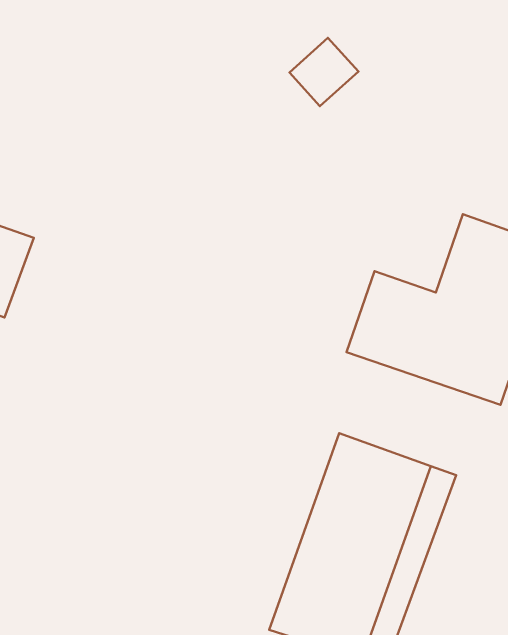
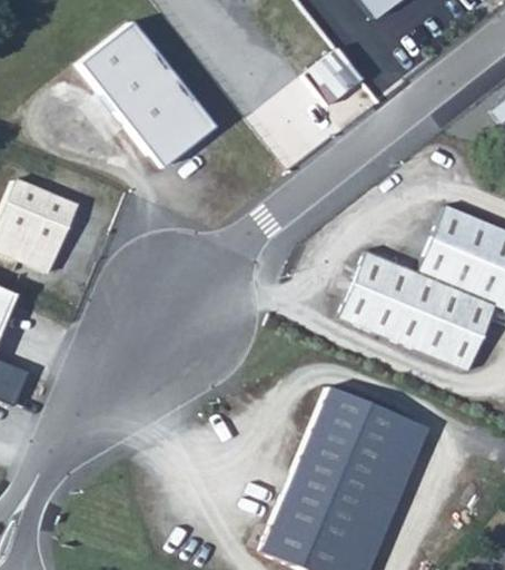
building: none -> [80,22,215,157]

